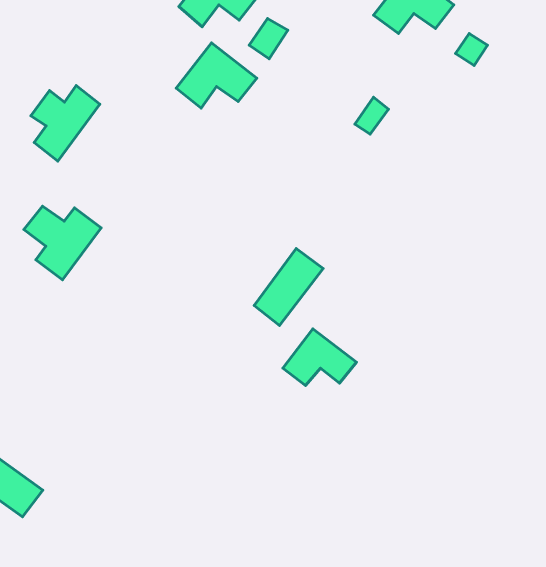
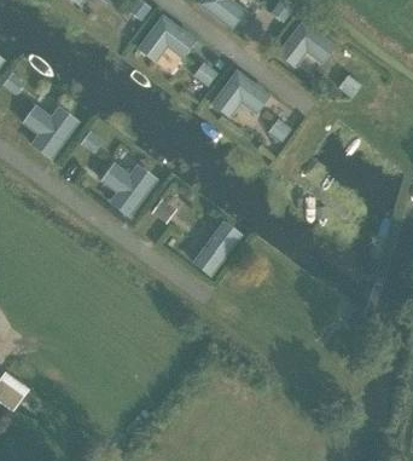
building: [176,43,257,108] -> [211,70,269,117]
building: [24,206,101,280] -> [101,163,157,217]
building: [283,329,356,386] -> none

